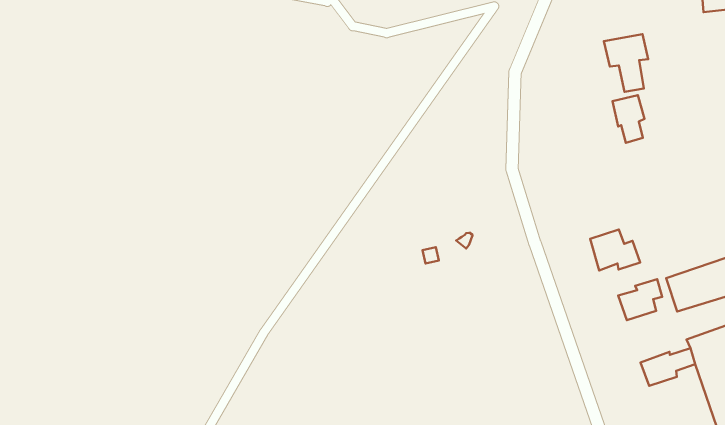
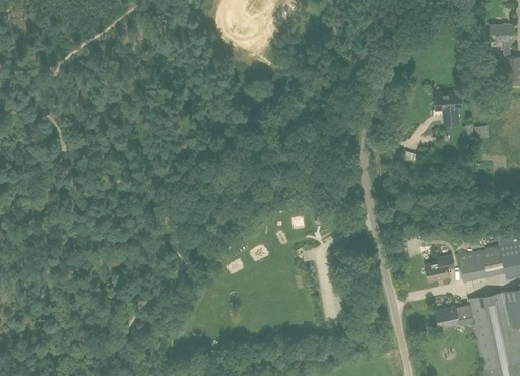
building: [612,95,644,143] -> none
building: [590,230,640,270] -> none

